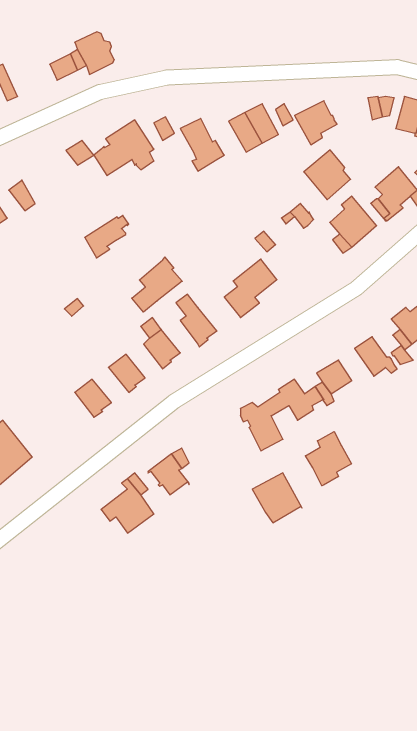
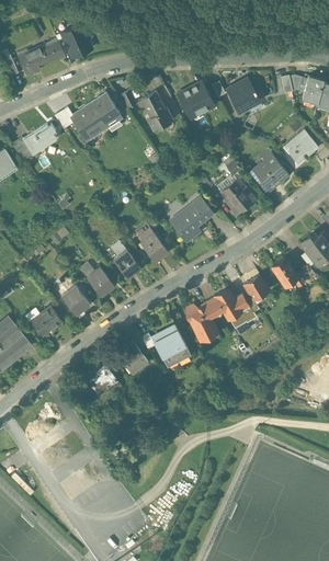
building: none -> [18,48,48,78]
building: [304,150,351,200] -> [218,178,253,215]
building: [85,215,129,258] -> [23,124,56,156]
building: [132,257,182,312] -> none
building: none -> [31,307,59,336]
building: [305,432,351,486] -> none
building: [252,473,302,523] -> [151,327,189,364]

